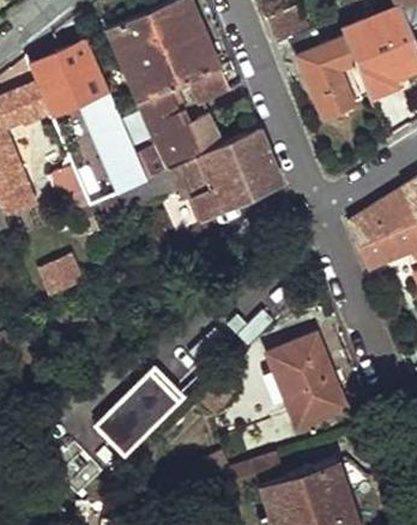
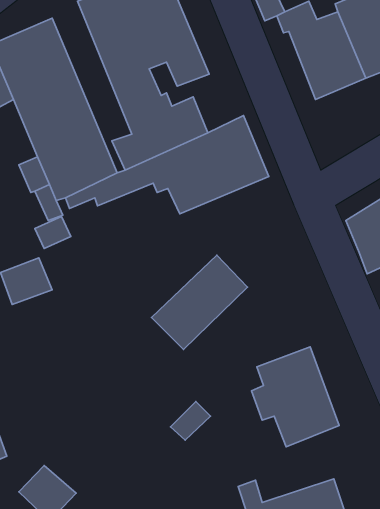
building: [96,369,182,454] -> [152,255,247,350]

